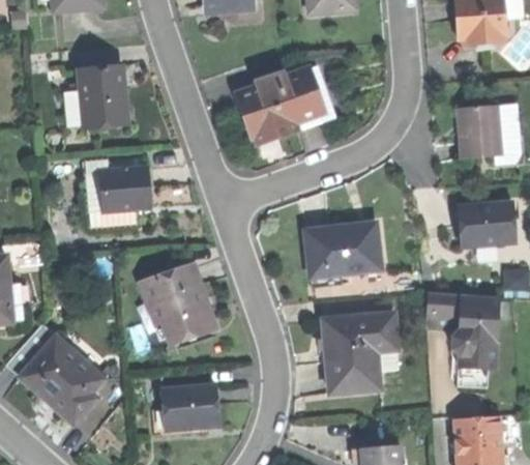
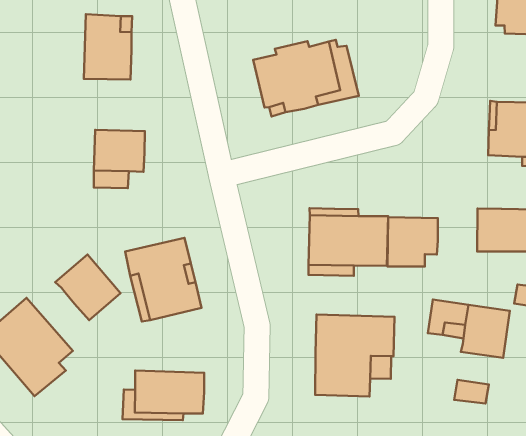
building: none -> [387,217,438,266]
building: none -> [55,254,121,320]
building: [458,338,497,365] -> none

